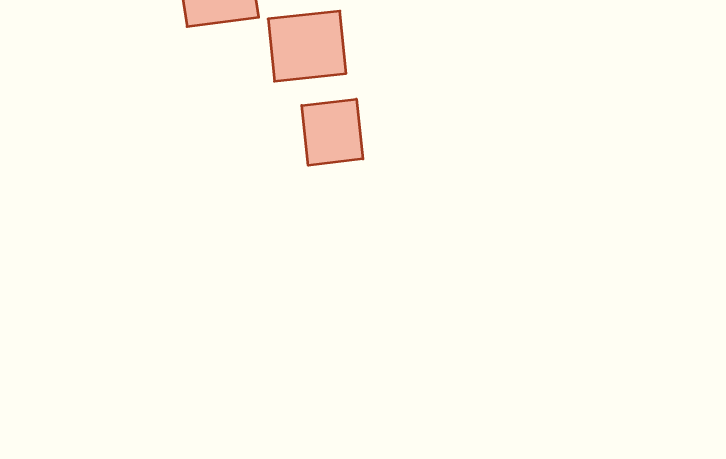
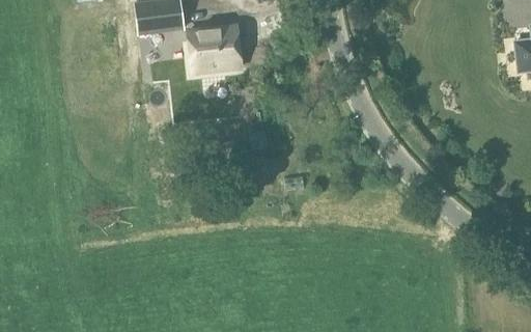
building: [302,99,363,165] -> none

